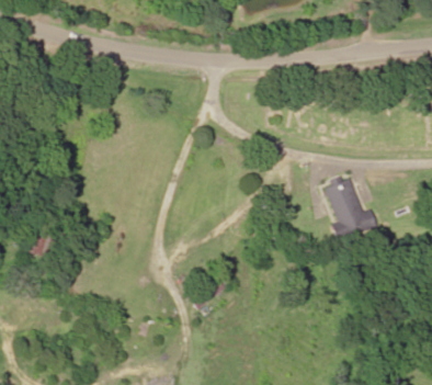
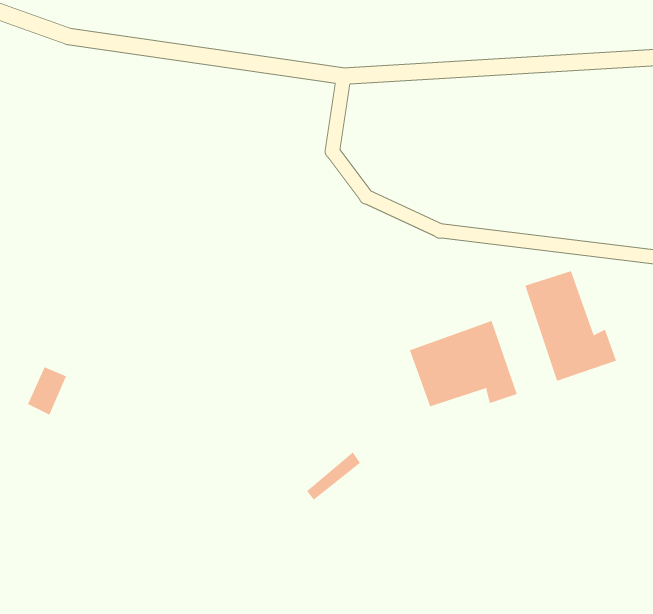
building: none -> [409,320,517,407]

